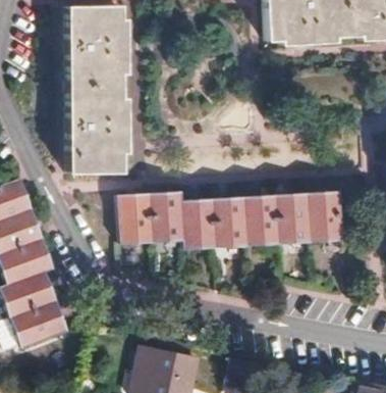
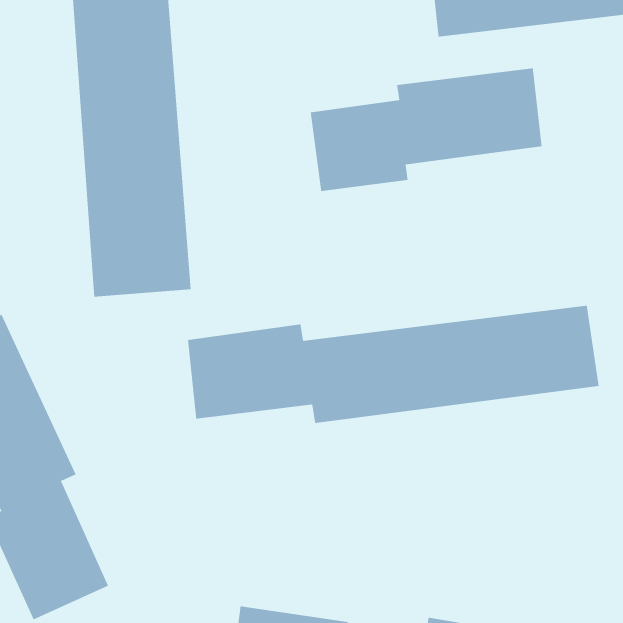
building: none -> [310,68,542,192]

